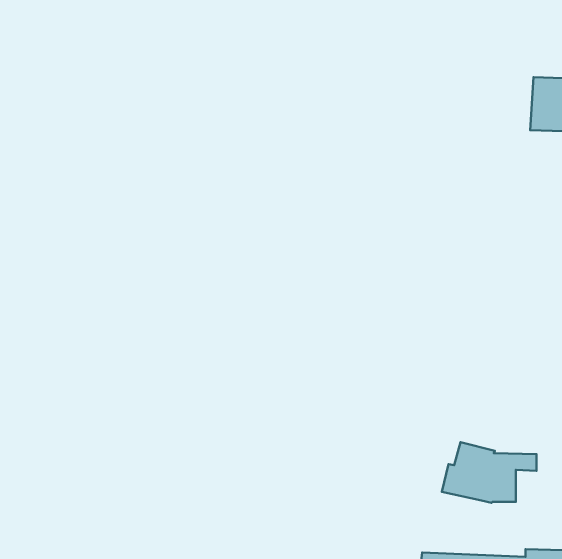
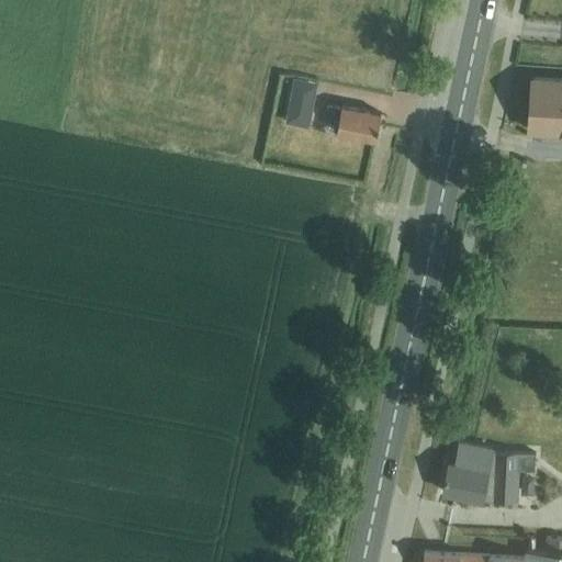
building: none -> [284,93,313,125]
building: none -> [325,105,381,143]

